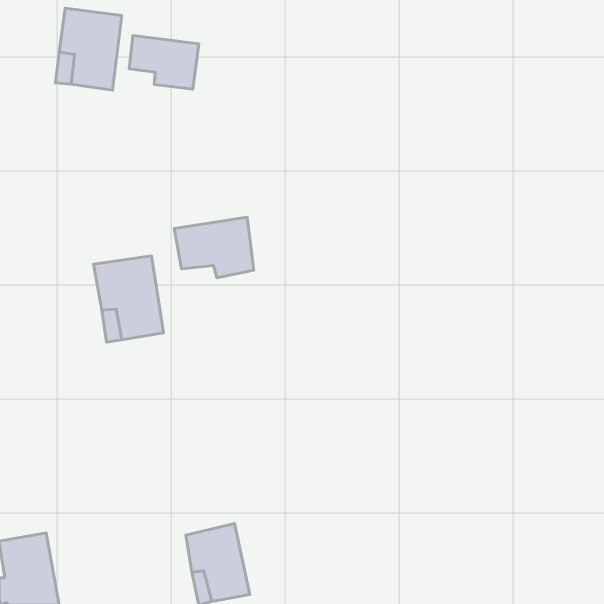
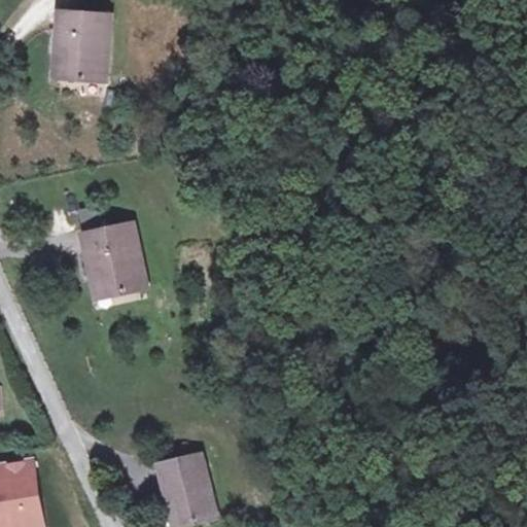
building: [129,36,199,89] -> none
building: [174,217,254,278] -> none

